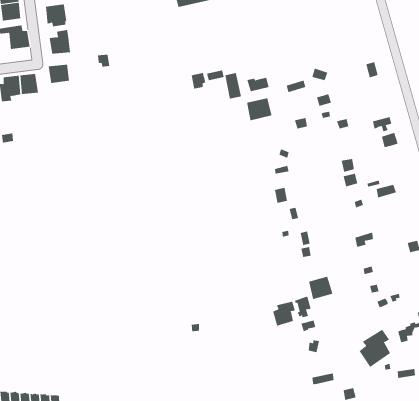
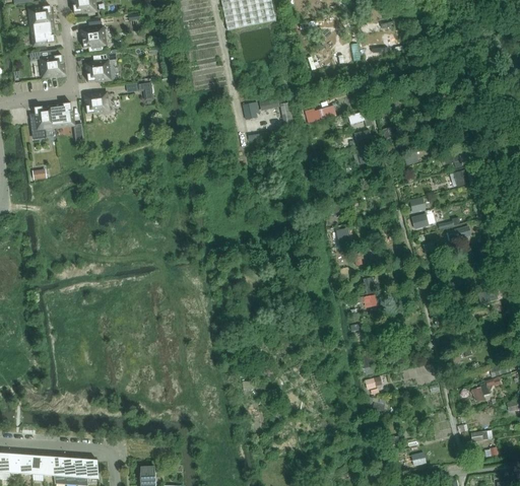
building: [247,97,272,121] -> none
building: [308,276,333,300] -> none
building: [272,301,296,326] -> none
building: [359,329,391,368] -> none

